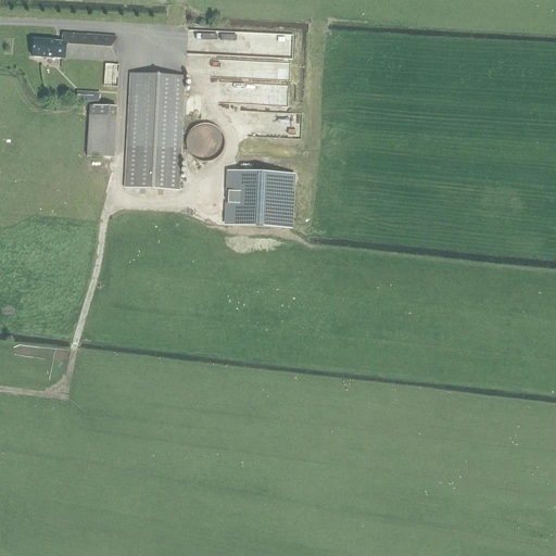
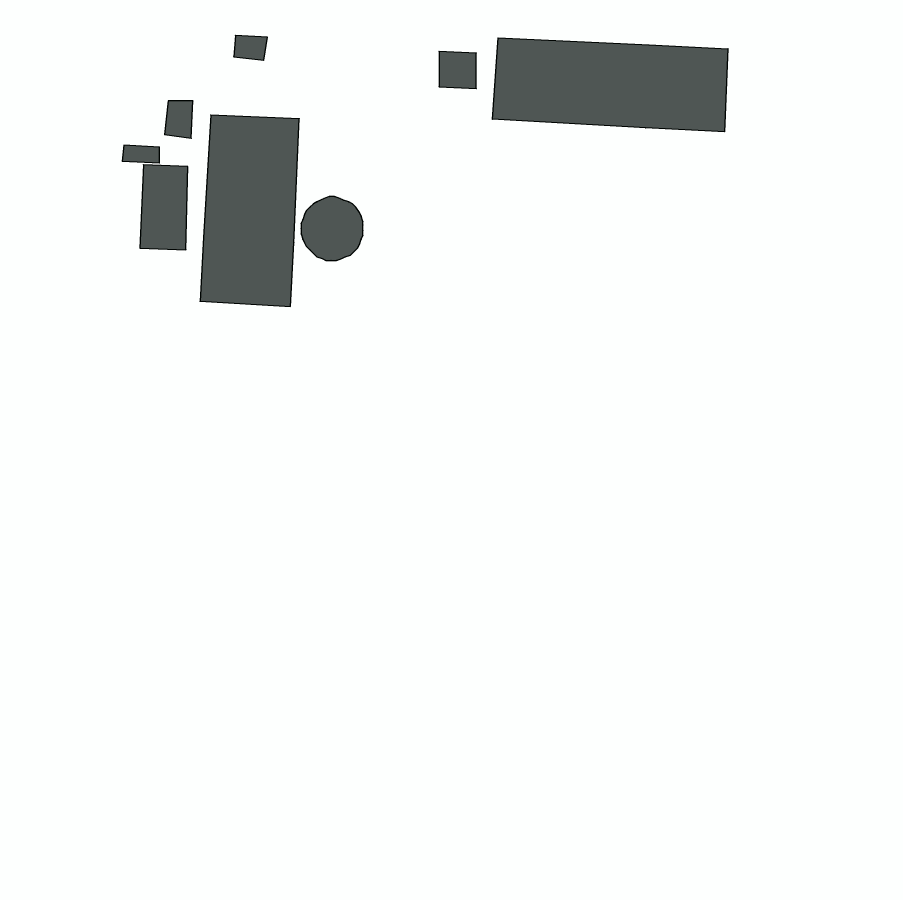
building: none -> [492,38,728,132]
building: [30,30,115,59] -> none
building: [225,168,291,226] -> none

